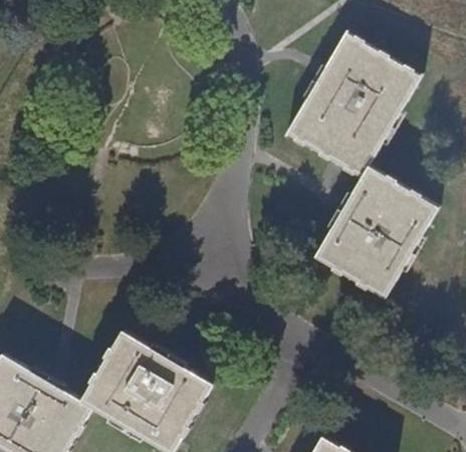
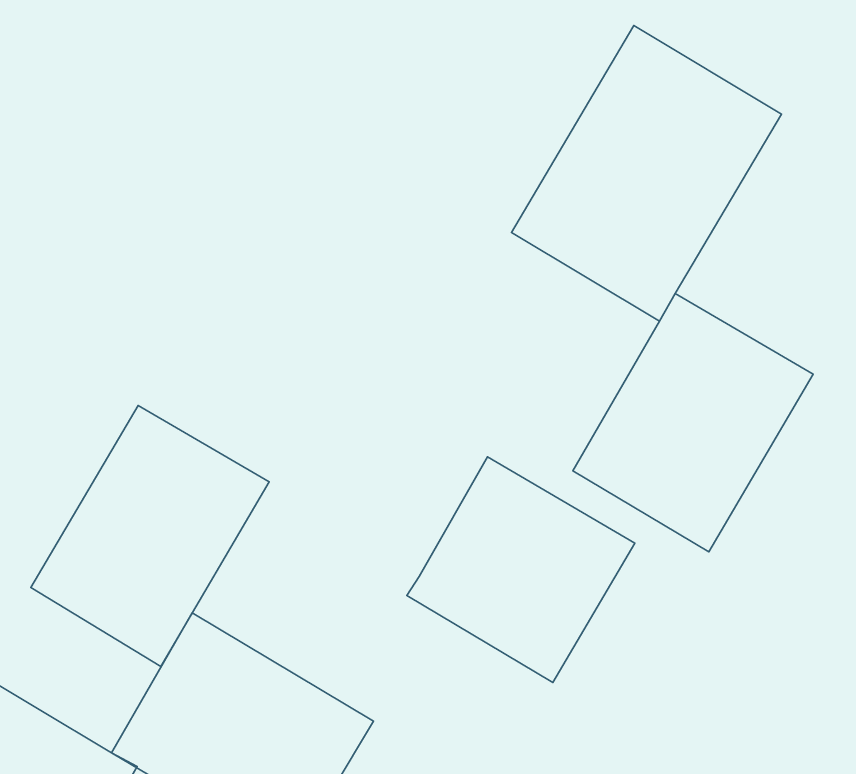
building: none -> [31,405,269,667]
building: none -> [407,457,635,682]

